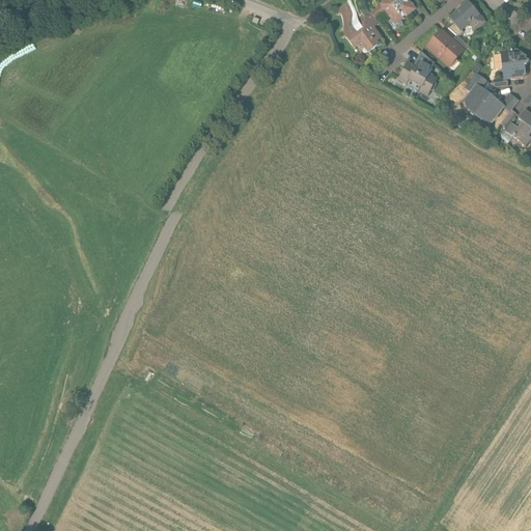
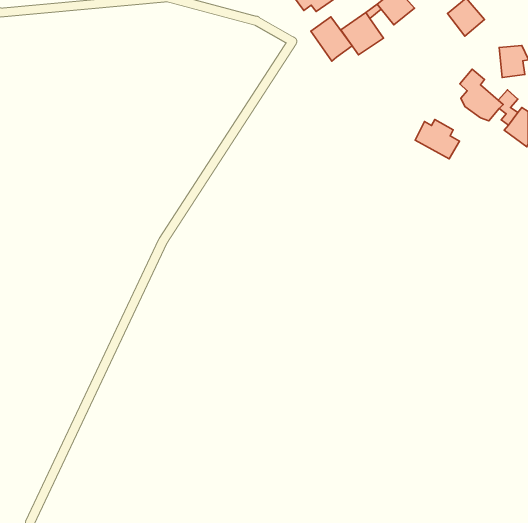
building: none -> [311,17,352,61]
building: [425,26,467,66] -> none
building: [396,55,441,94] -> [415,119,459,159]

